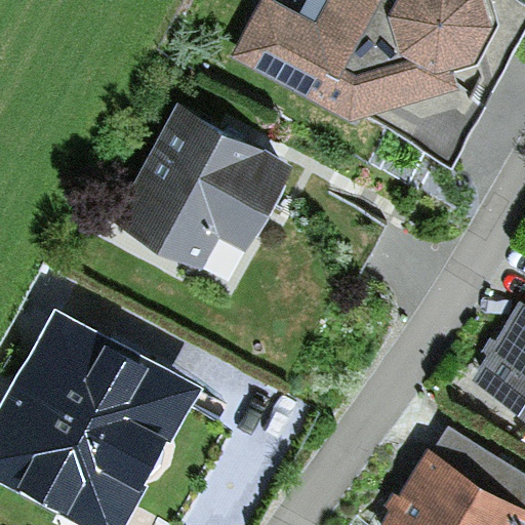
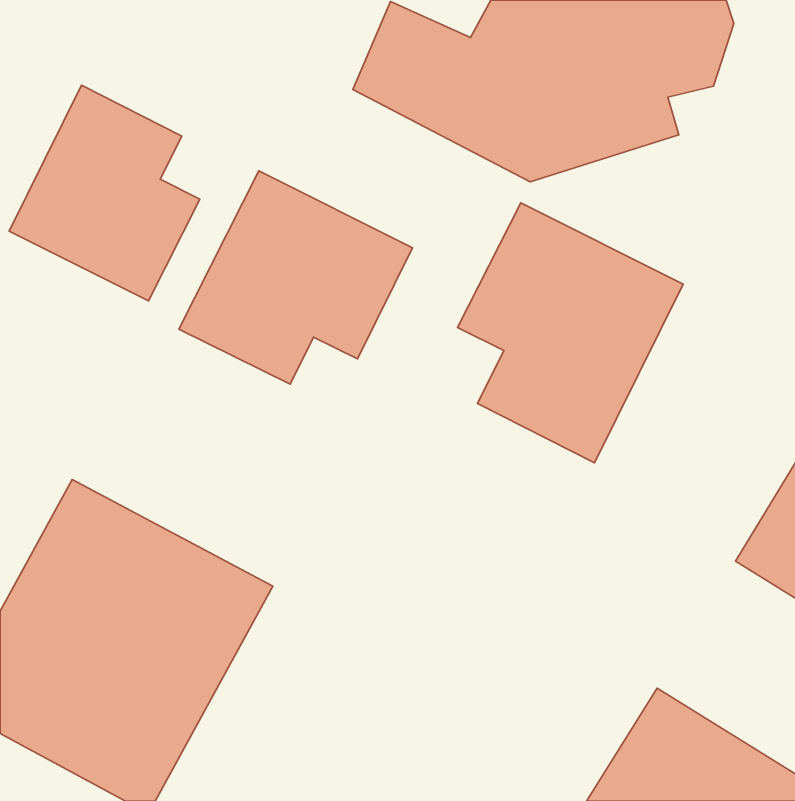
building: none -> [9,85,200,301]
building: none -> [458,203,683,463]

